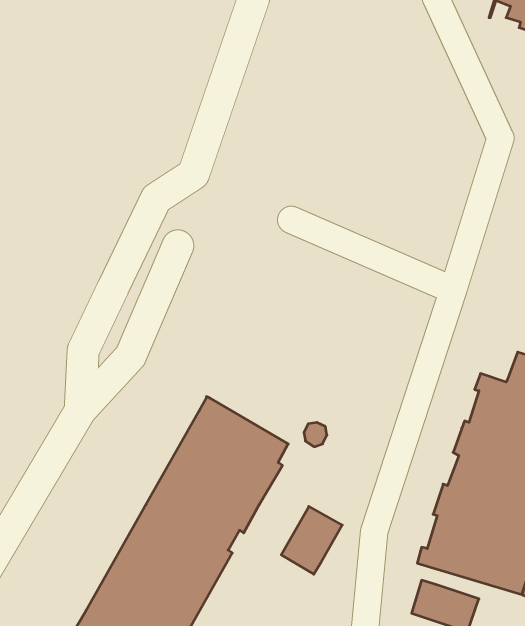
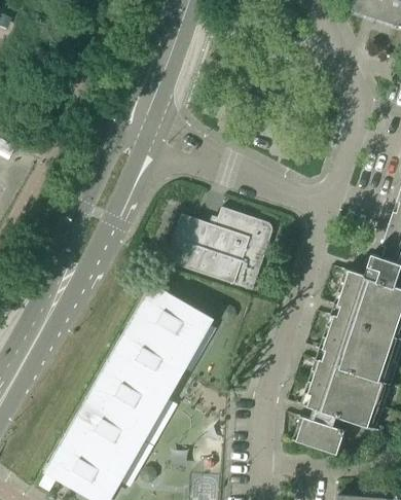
building: none -> [167,208,274,291]
building: [281,506,342,574] -> none

